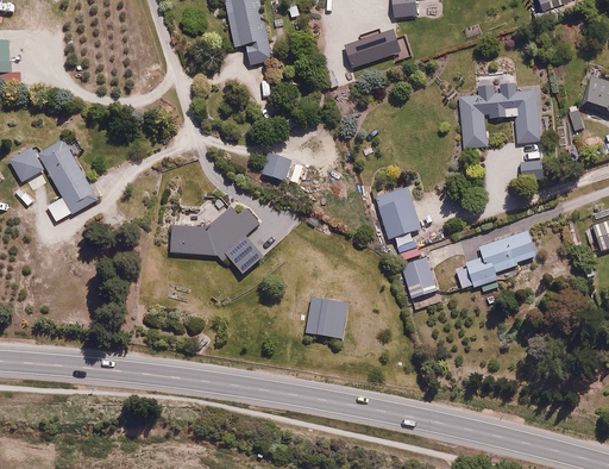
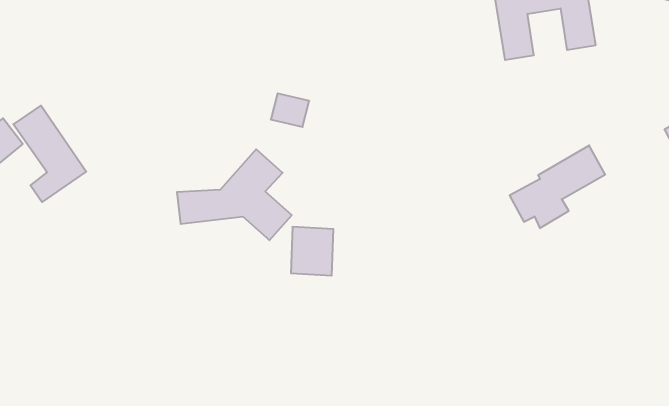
building: [375,185,423,239] -> none
building: [401,254,438,298] -> none
building: [307,292,347,337] -> [291,227,333,276]

